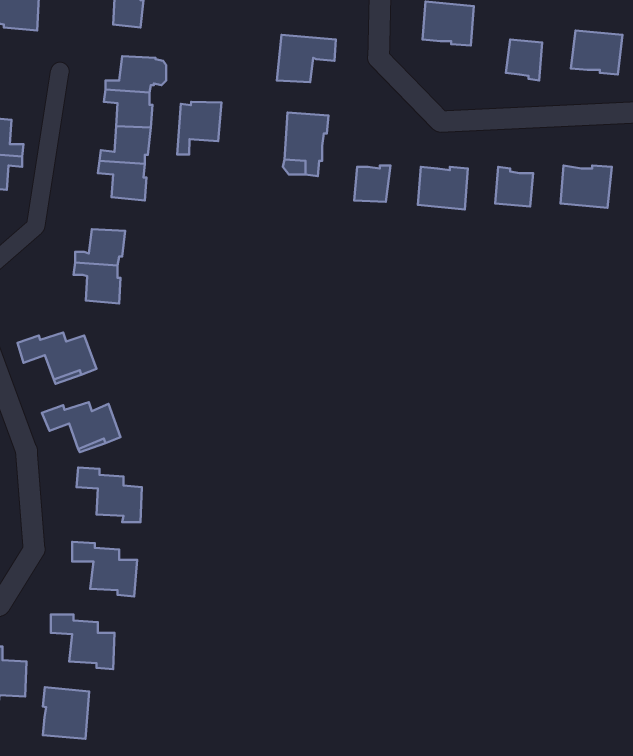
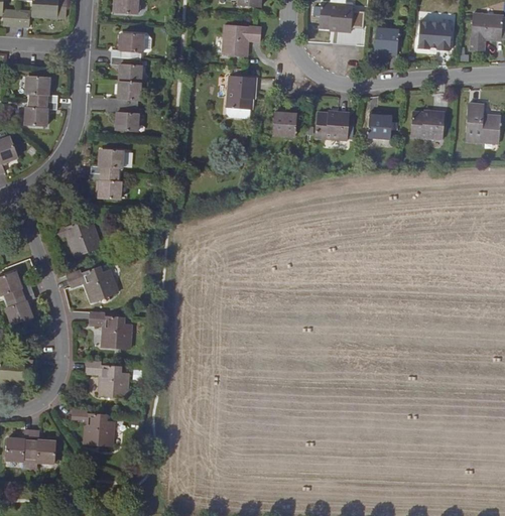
building: [177,102,222,155] -> none
building: [43,687,89,739] -> none

